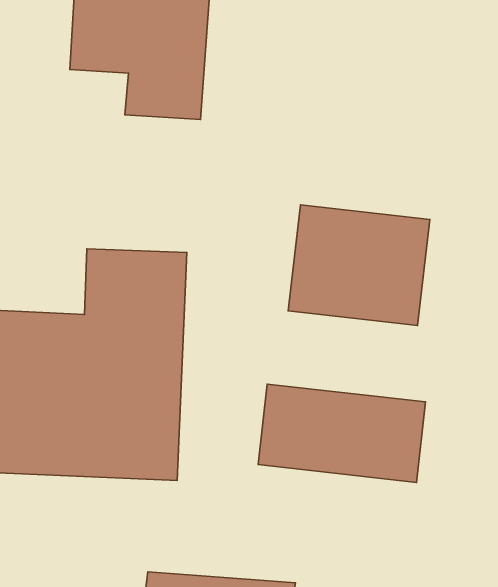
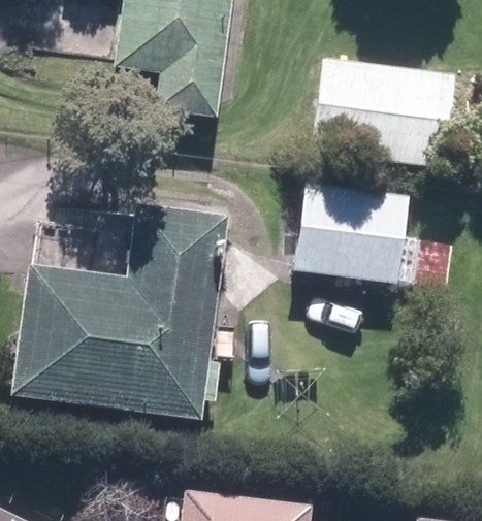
building: none -> [311,53,453,172]
building: [258,384,425,482] -> none

